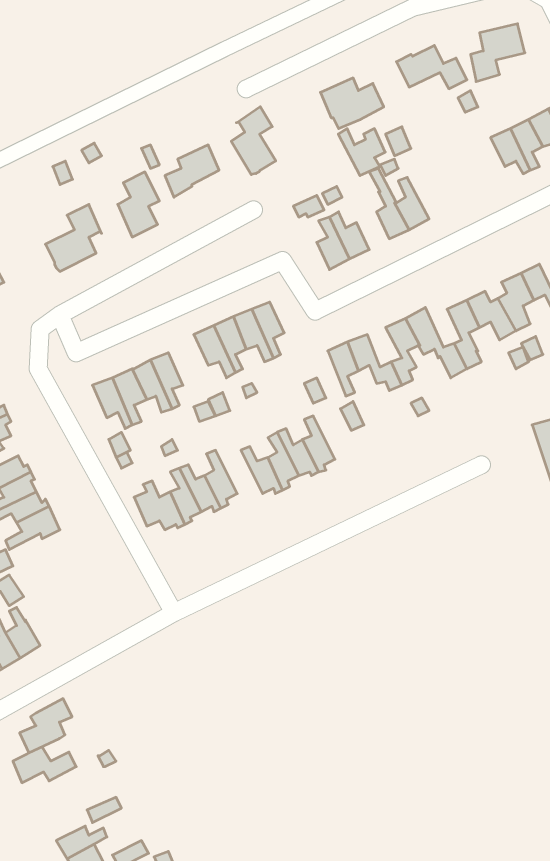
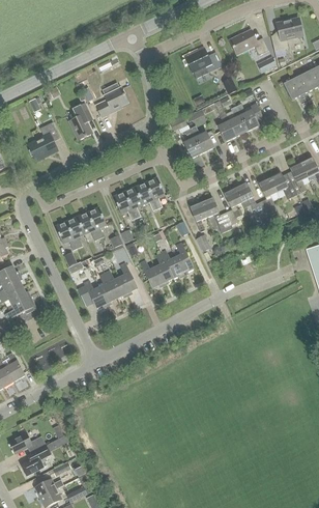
building: [231,107,276,175] -> none
building: [338,129,385,176] -> [235,103,262,130]
building: [20,699,72,753] -> [21,444,51,475]

